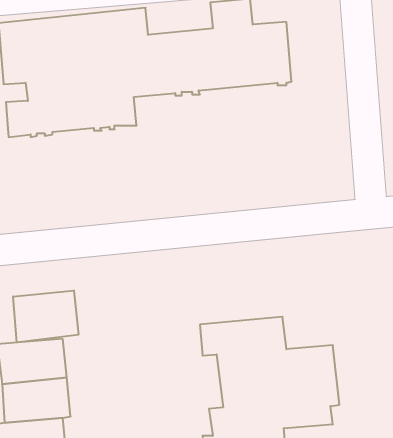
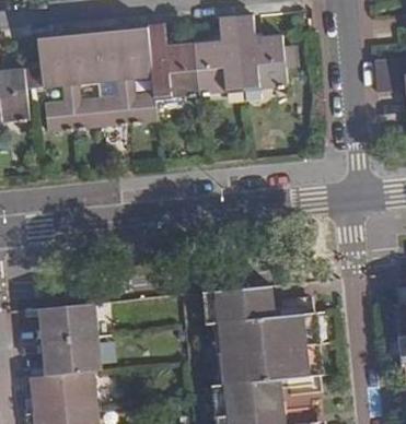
building: [13,290,78,342] -> none

